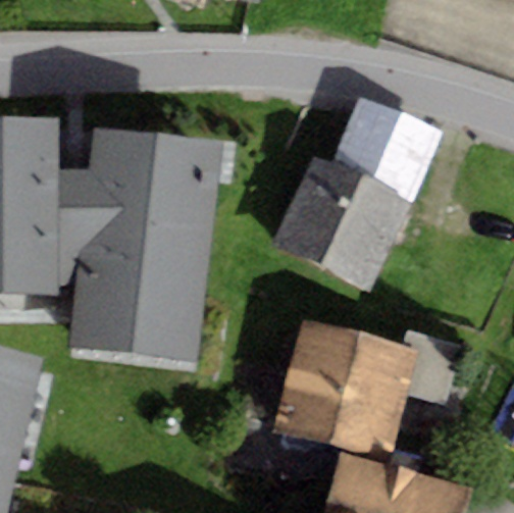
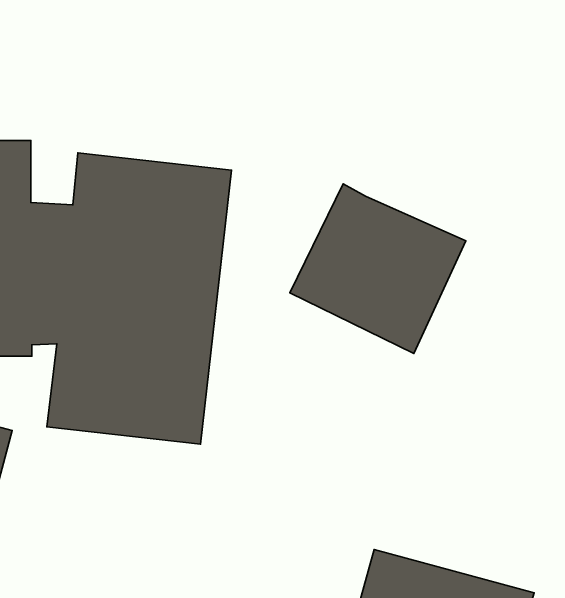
building: [332,96,445,199] -> none
building: [270,318,417,459] -> none

